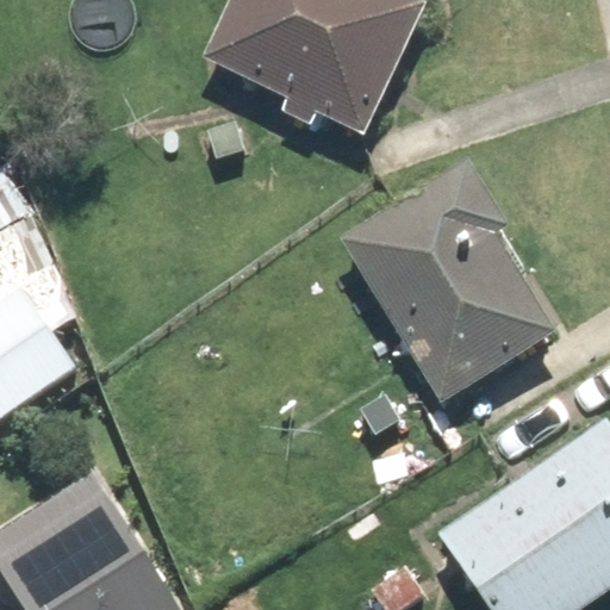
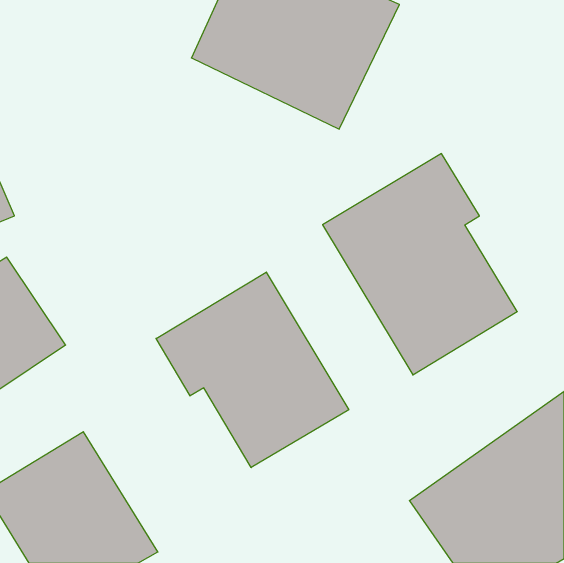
building: none -> [156,272,349,468]

